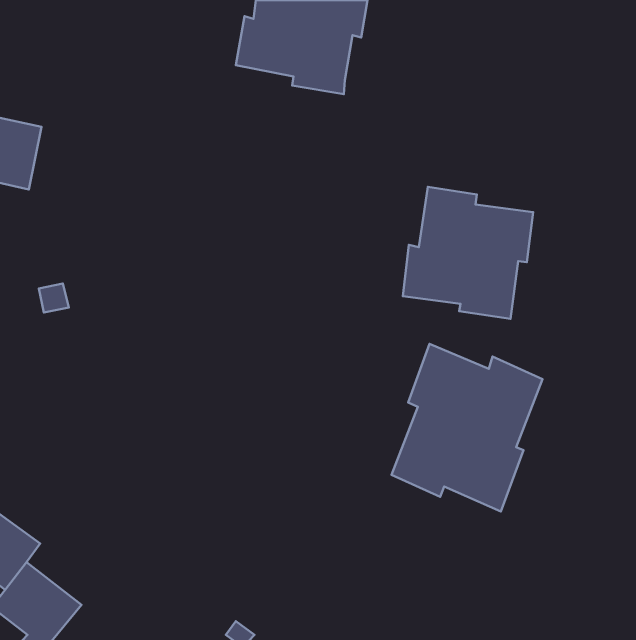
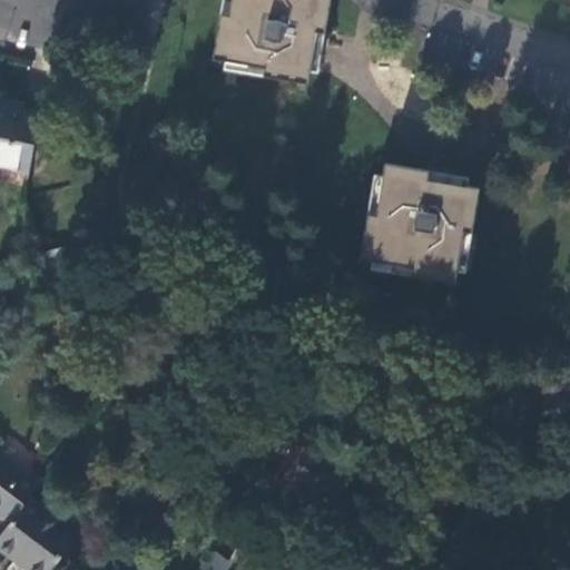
building: [391,344,543,512] -> none

